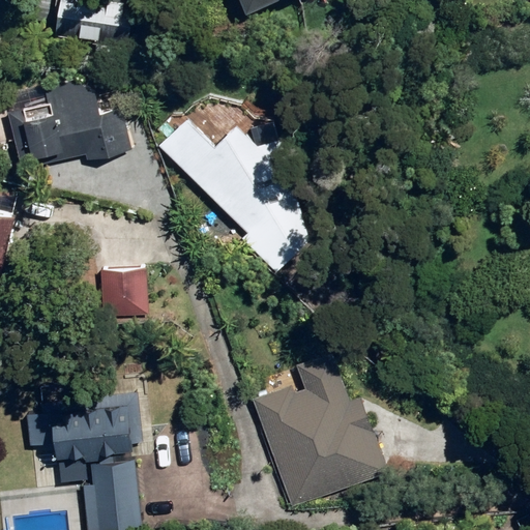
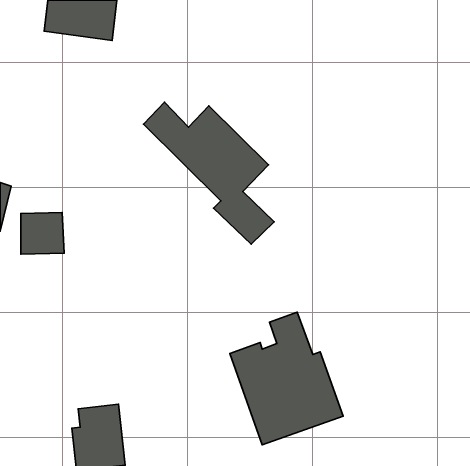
building: [4,76,128,160] -> none
building: [98,269,147,316] -> [21,213,64,254]
building: [25,391,141,463] -> none

